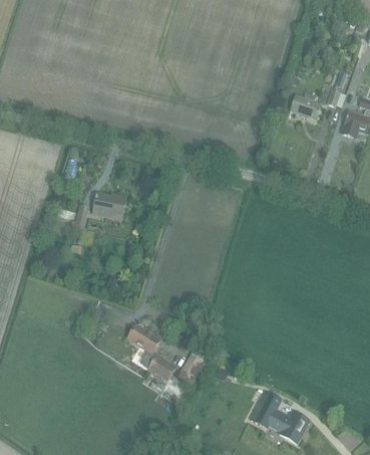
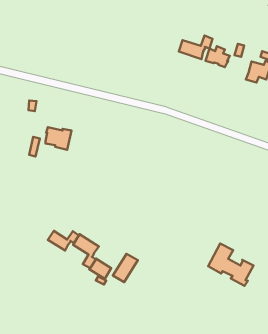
building: none -> [179,36,213,59]
building: none -> [48,231,79,251]
building: [250,390,306,442] -> [208,244,253,286]

